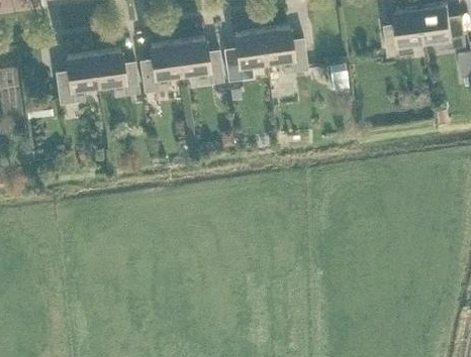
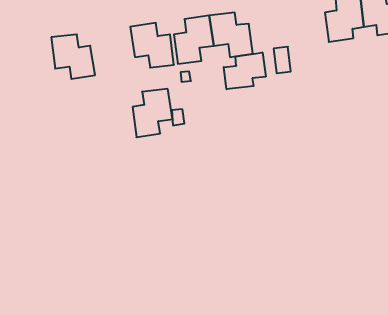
building: [139,43,182,95] -> [133,89,173,137]
building: [55,54,97,106] -> none
building: none -> [224,52,266,89]

